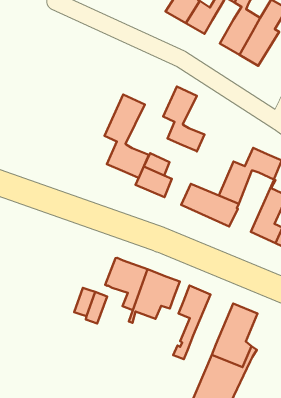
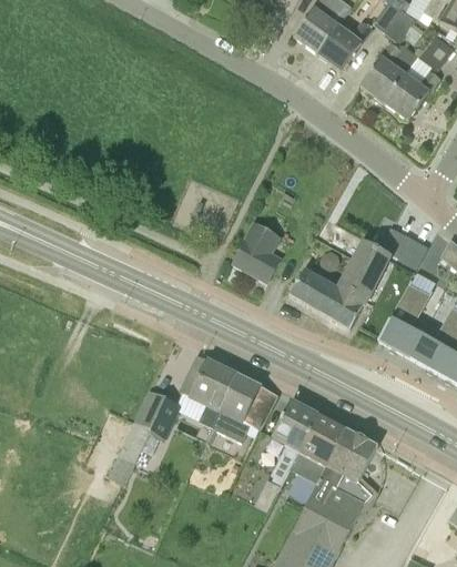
building: [163,86,204,152] -> none
building: [104,94,149,178] -> none
building: none -> [290,415,346,482]
building: none -> [110,422,151,483]

